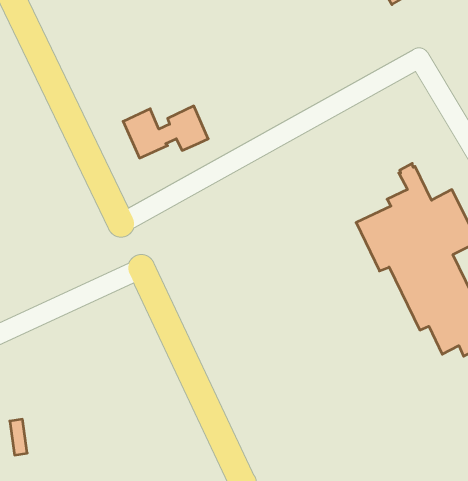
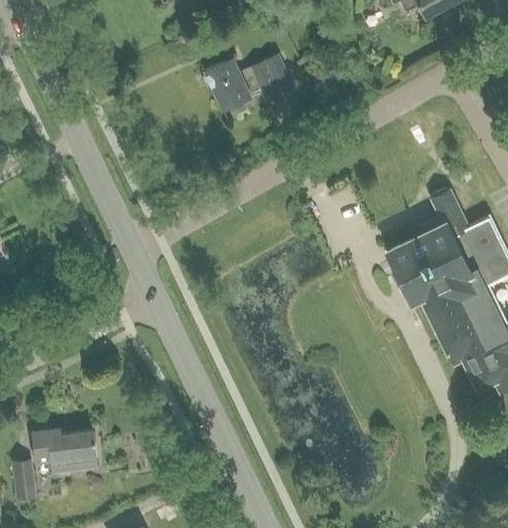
building: [123,106,208,158] -> [204,54,295,109]
building: none -> [33,429,97,475]

